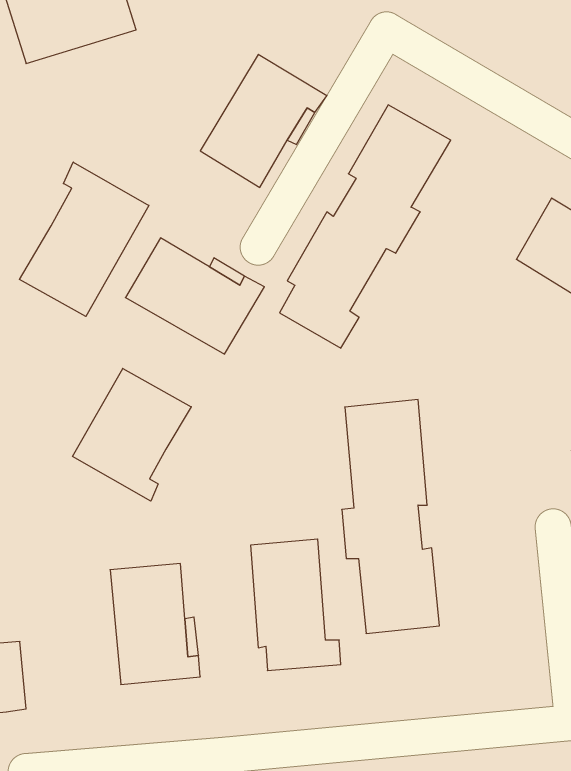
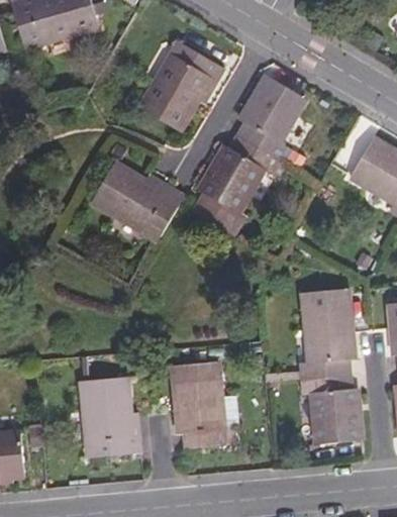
building: [19,162,149,316] -> none
building: [73,368,191,501] -> none
building: [342,400,439,633] -> [299,289,364,443]

